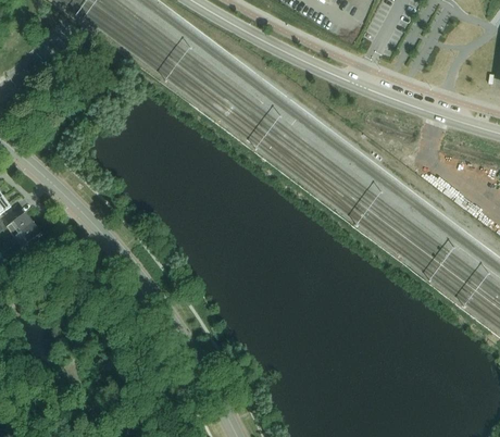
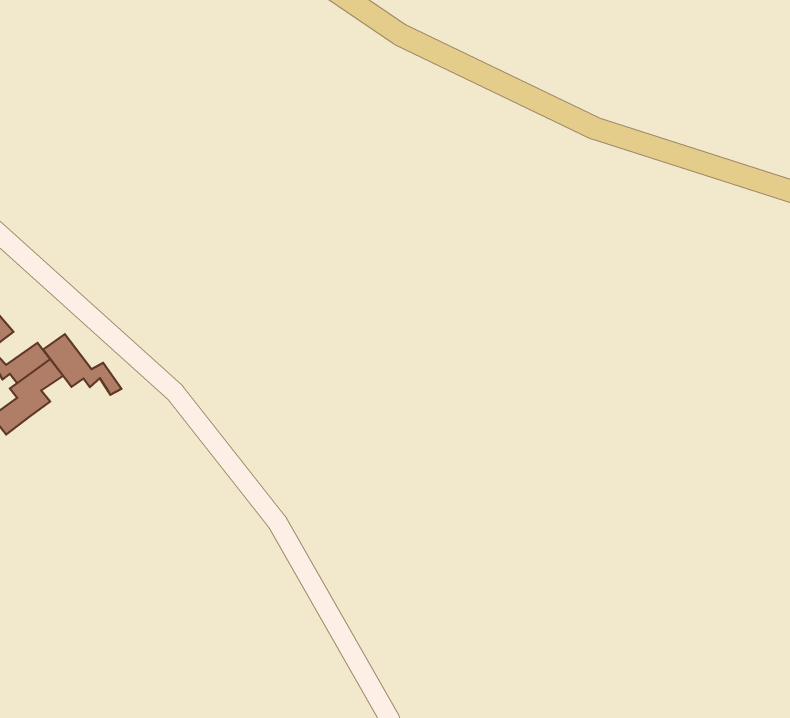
building: none -> [43,334,122,395]

